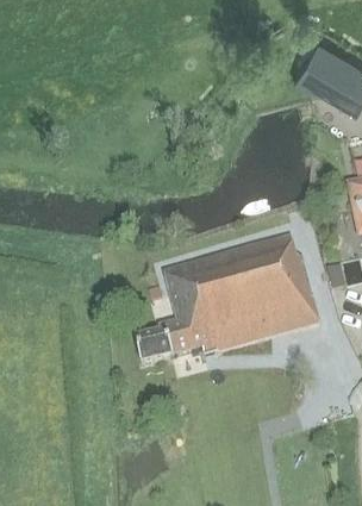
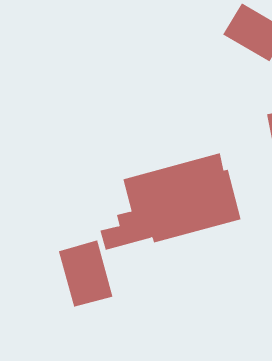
building: none -> [58,240,113,308]

